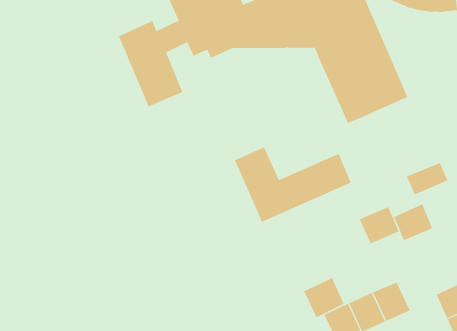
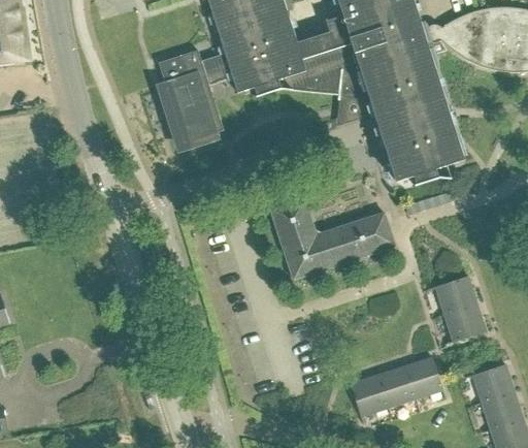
building: [406,162,448,195] -> none
building: [359,207,400,244] -> [443,303,486,342]
building: [304,277,344,318] -> none

